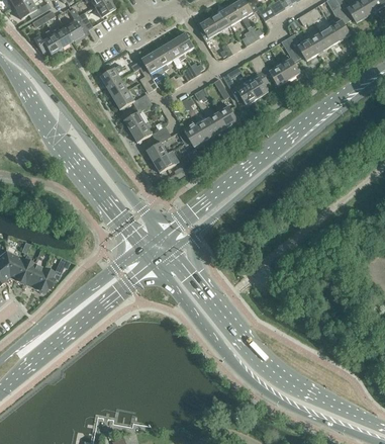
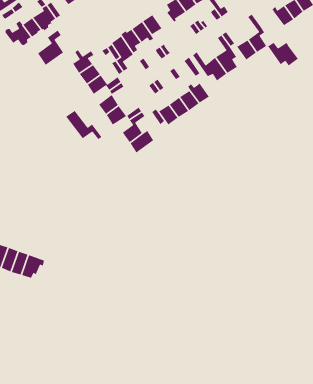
building: [287,33,318,60] -> [267,42,299,67]
building: none -> [37,30,64,66]
building: none -> [65,110,102,140]

